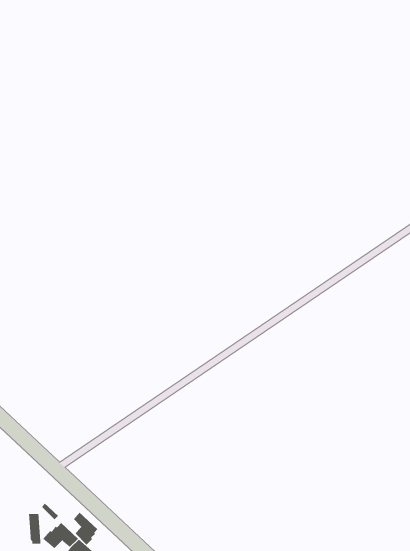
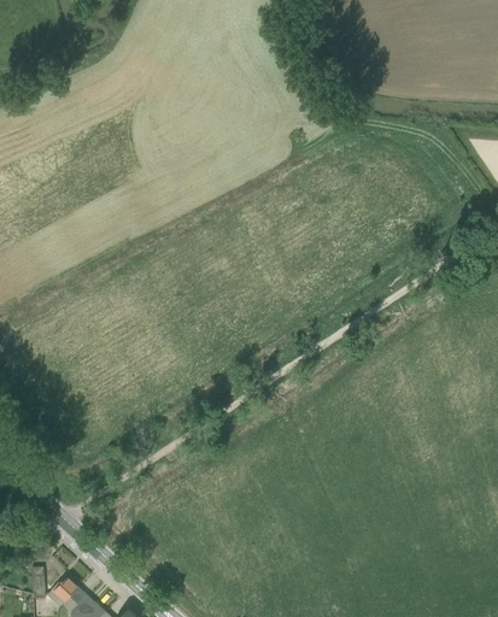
building: [73,512,98,545] -> none

